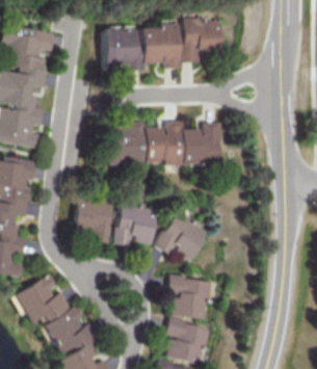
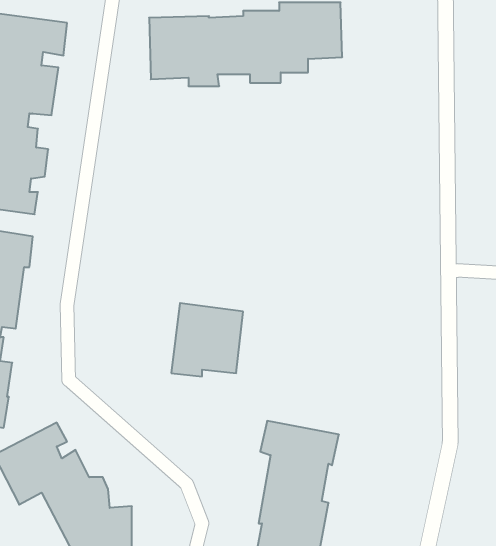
building: [108,121,224,165] -> none
building: [75,199,117,243] -> none
building: [161,210,215,262] -> none

